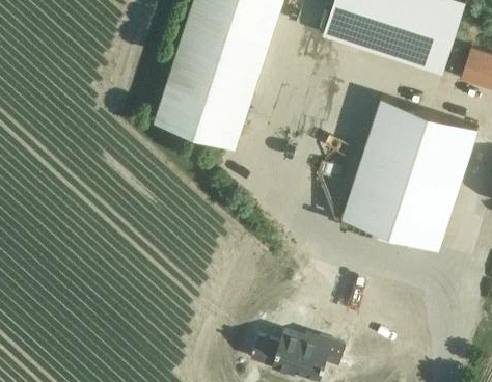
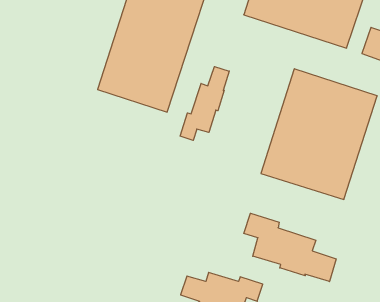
building: none -> [180,67,229,140]
building: none -> [244,213,336,282]

